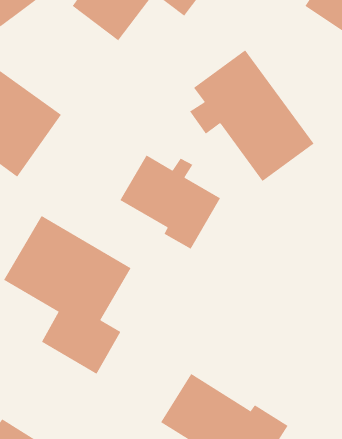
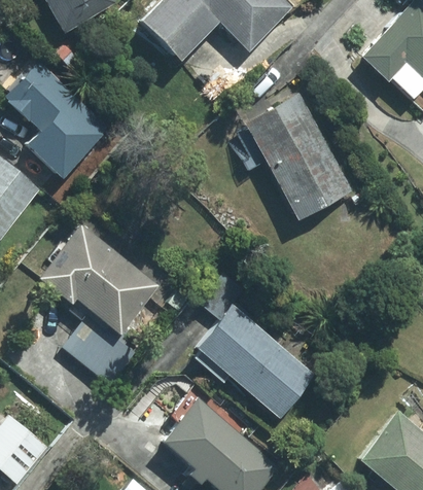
building: [120,155,221,250] -> none
building: none -> [188,305,315,418]

